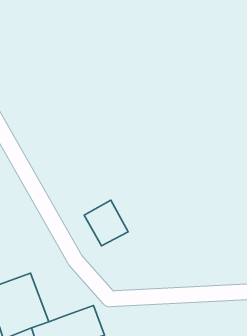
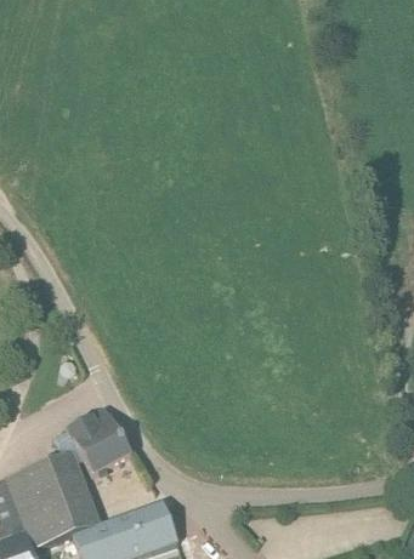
building: [84,200,128,246] -> [68,407,132,474]

